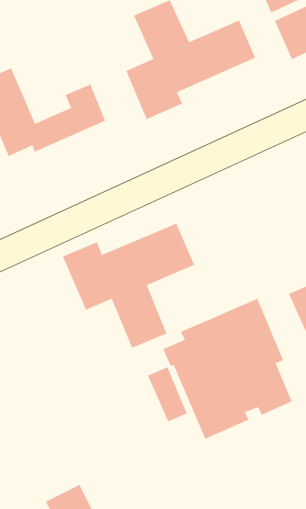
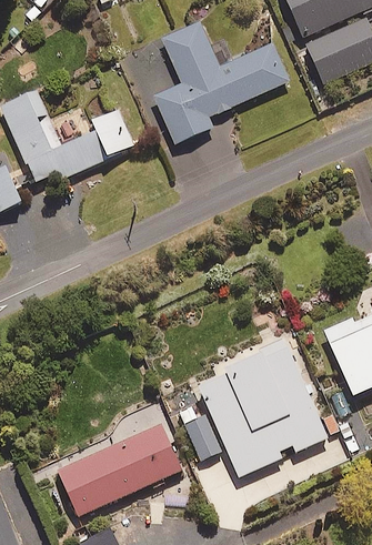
building: [62,223,195,349] -> none
building: none -> [56,420,179,511]

